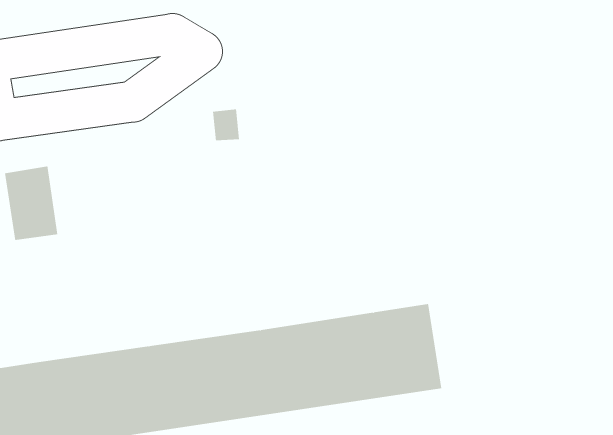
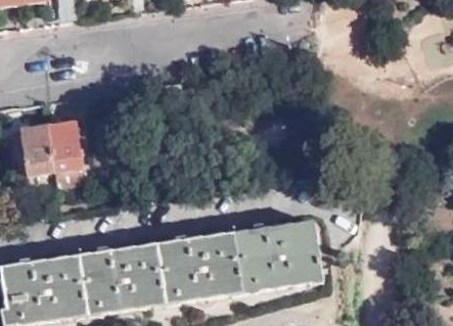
building: none -> [47,122,82,188]

